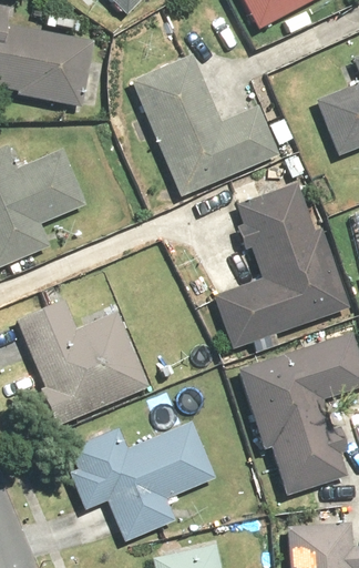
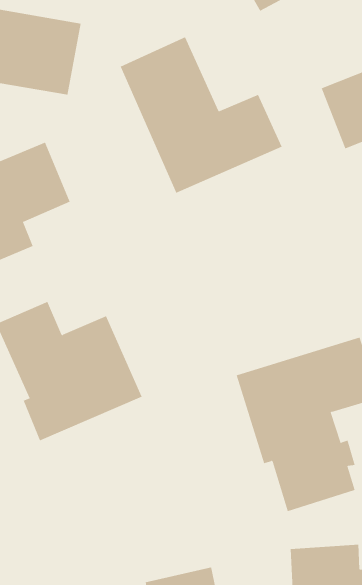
building: [214,183,349,347] -> none
building: [69,419,217,544] -> none

